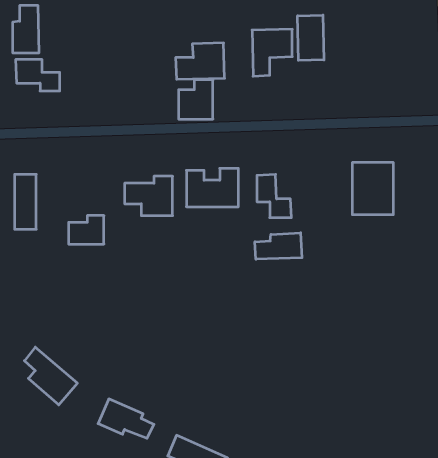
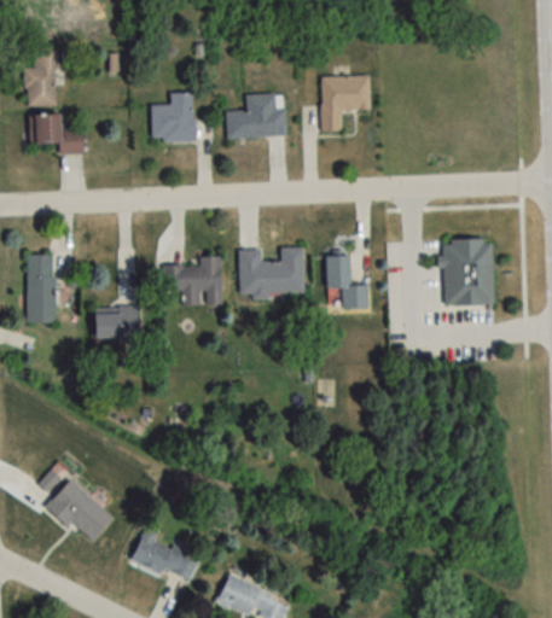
building: [298,15,324,60] -> none
building: [179,80,213,119] -> [151,93,193,141]
building: [255,233,302,259] -> none

